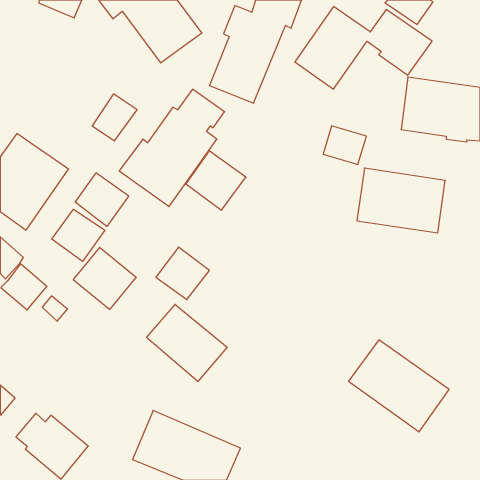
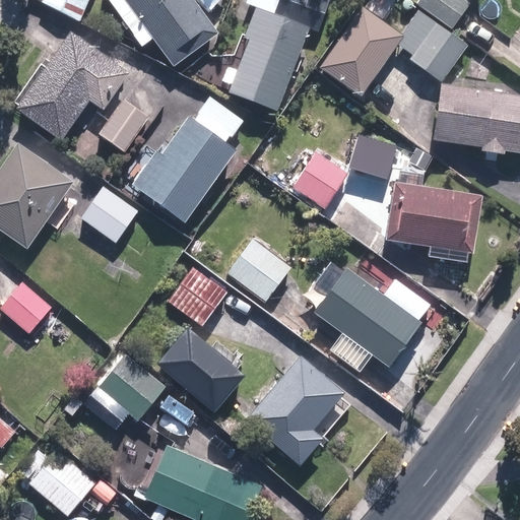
building: none -> [15,32,129,142]
building: none -> [292,153,346,209]
building: [186,151,246,210] -> [226,238,291,302]
building: [52,209,105,261] -> none
building: [73,247,136,309] -> [96,353,165,420]
building: none -> [246,354,343,464]
building: [349,340,449,432] -> [313,268,421,368]

